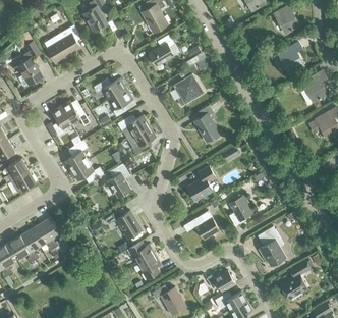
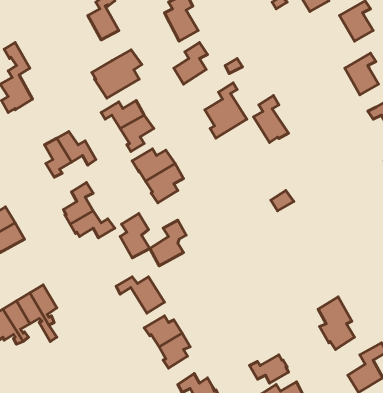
building: [44,25,81,62] -> [92,50,142,98]
building: [193,105,220,141] -> [253,95,288,143]
building: [187,166,215,201] -> [150,220,186,266]
building: [228,195,255,226] -> none
building: [193,211,220,240] -> none

